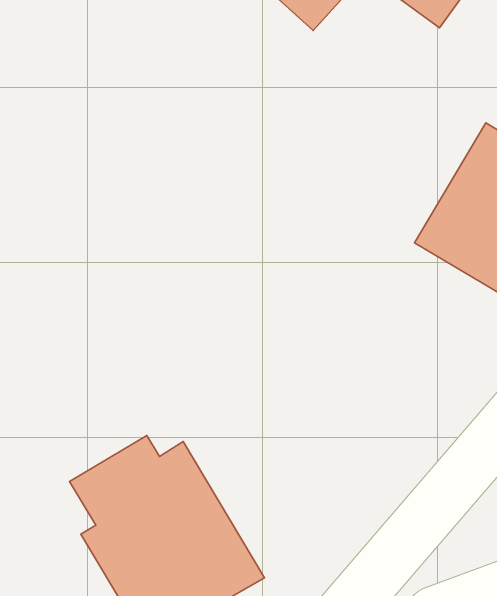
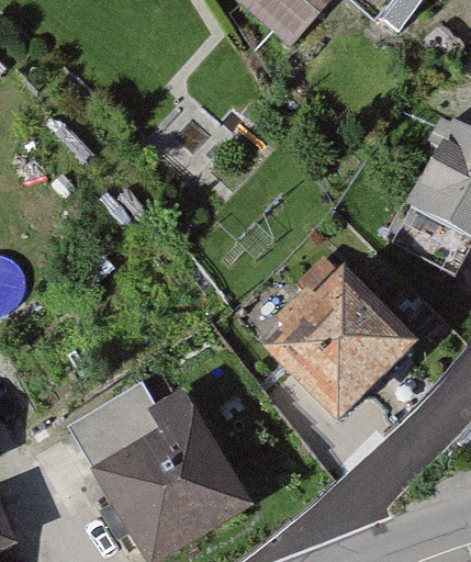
building: none -> [250,259,419,427]

